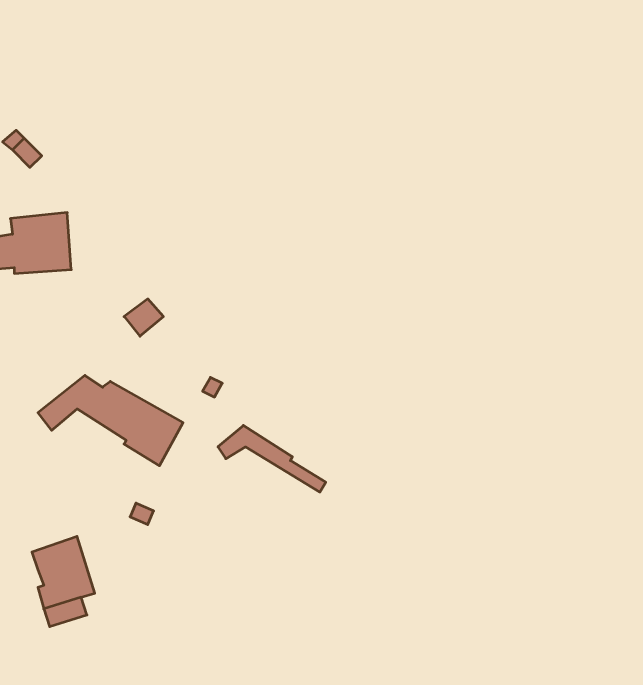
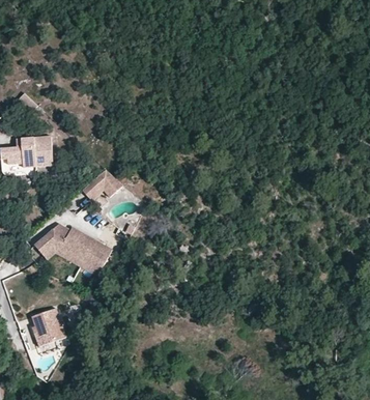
building: none -> [91,170,121,199]
building: [218,425,326,492] -> [40,240,97,276]

